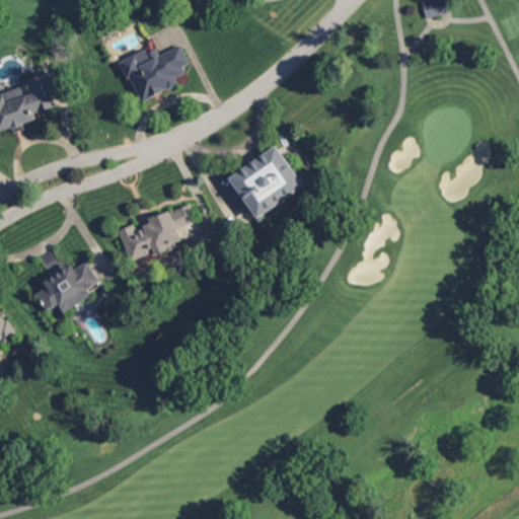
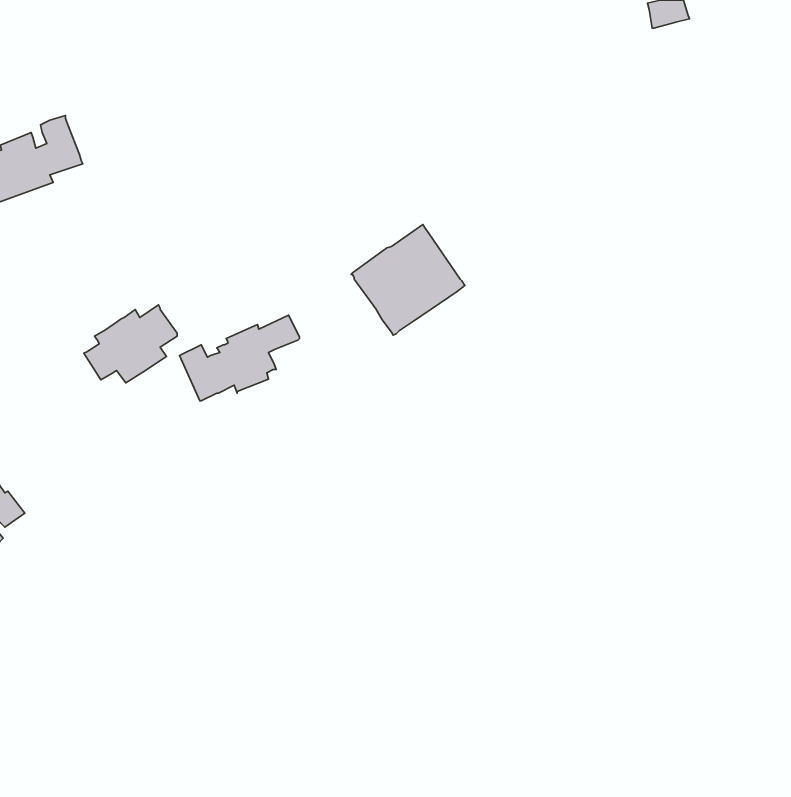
building: [118,46,188,101] -> none
building: [35,262,96,312] -> [84,305,177,383]

